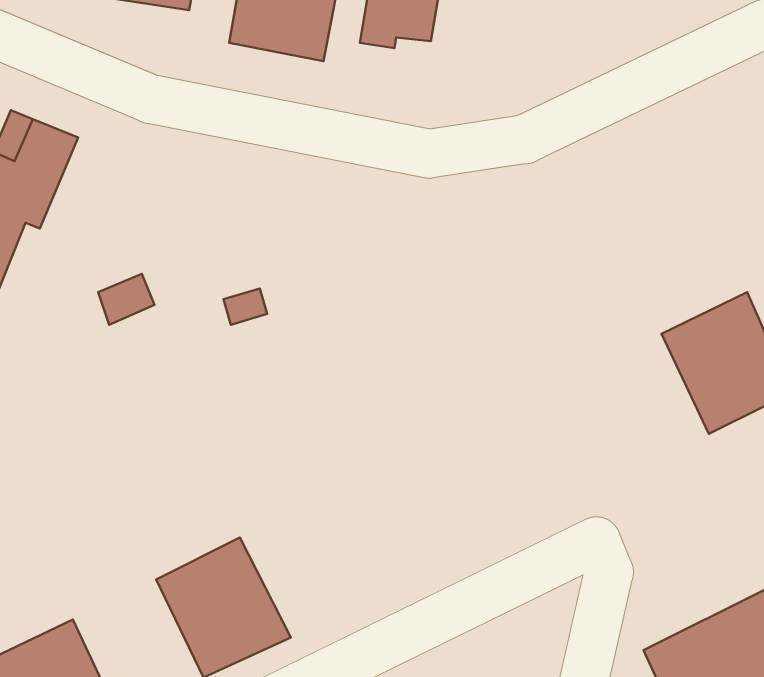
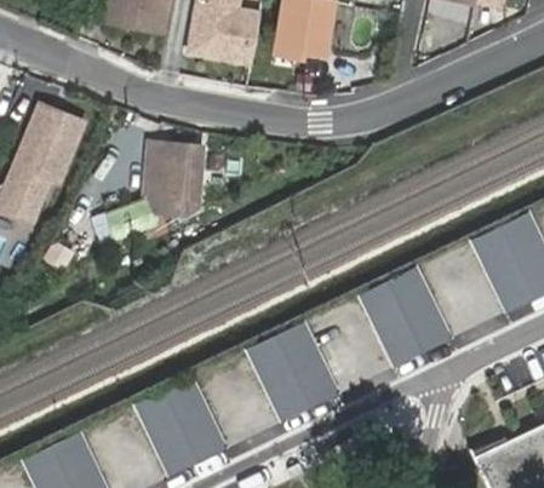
building: none -> [137,136,197,209]
building: none -> [363,272,452,366]
building: none -> [250,327,339,421]

